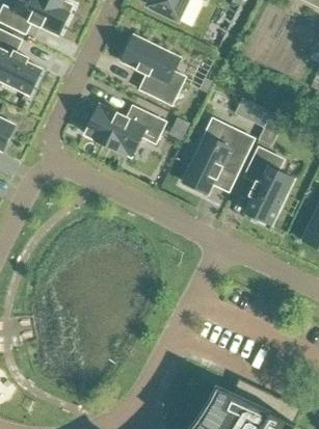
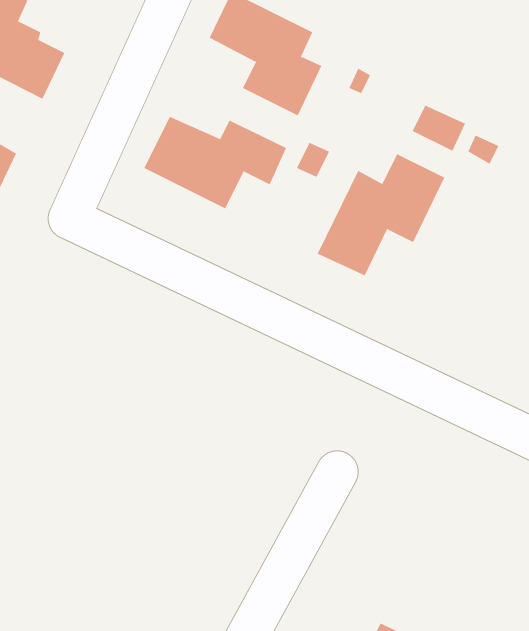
building: [245,146,294,224] -> none

